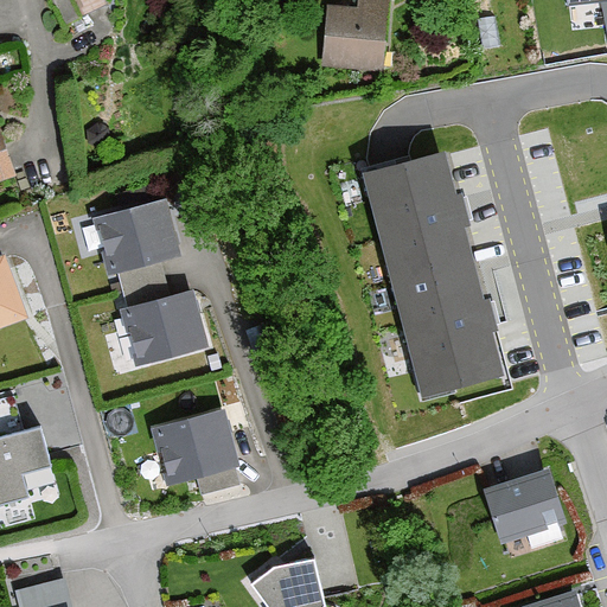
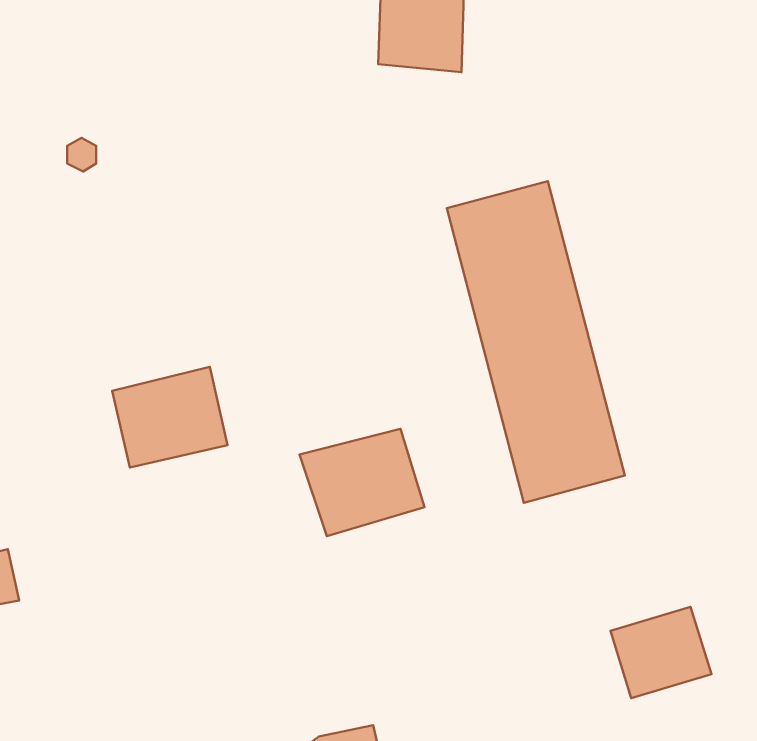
building: [95,202,179,275] -> none
building: [148,409,241,488] -> [300,429,425,536]

